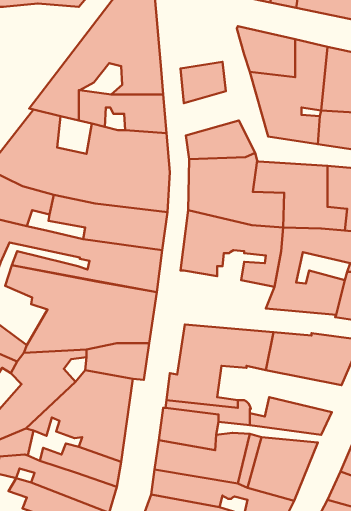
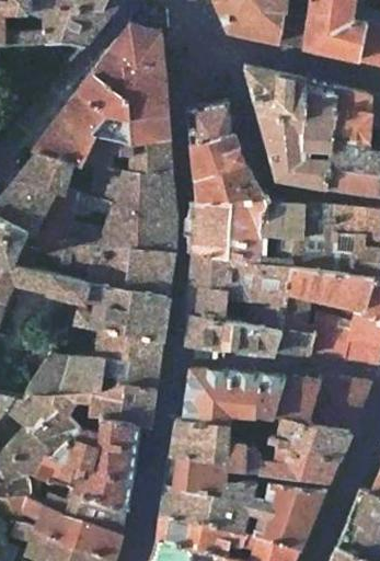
building: none -> [189,131,245,176]
building: none -> [186,313,281,352]
building: none -> [251,410,350,457]

